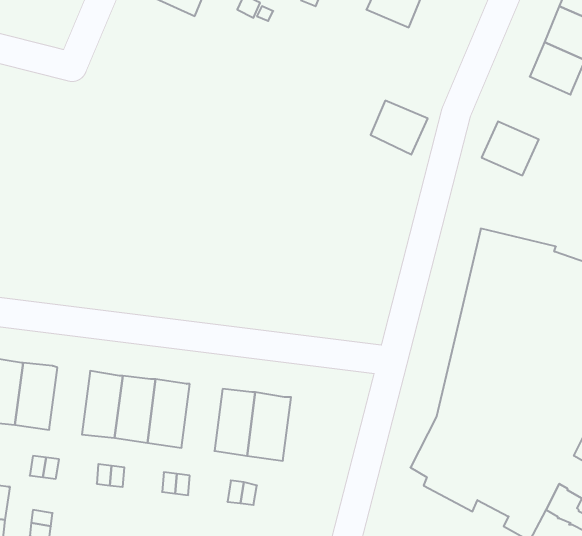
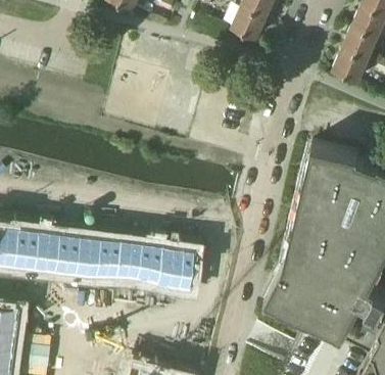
building: [371,101,428,155] -> [232,7,268,41]
building: [482,121,539,175] -> [333,49,369,83]
building: none -> [43,231,68,273]
building: none -> [126,241,151,283]

